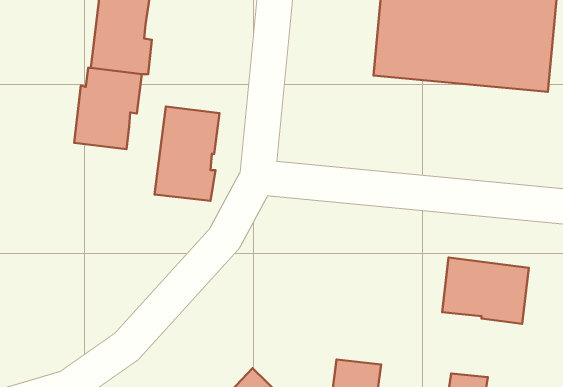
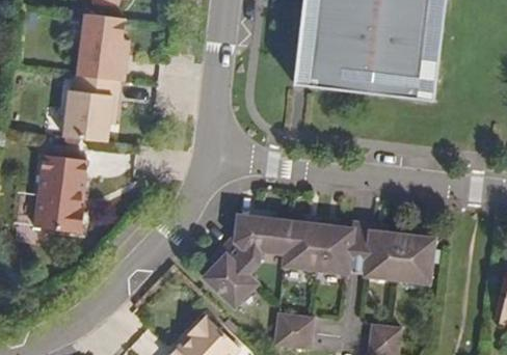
building: [154,107,219,201] -> [33,156,86,233]
building: none -> [202,215,353,308]

